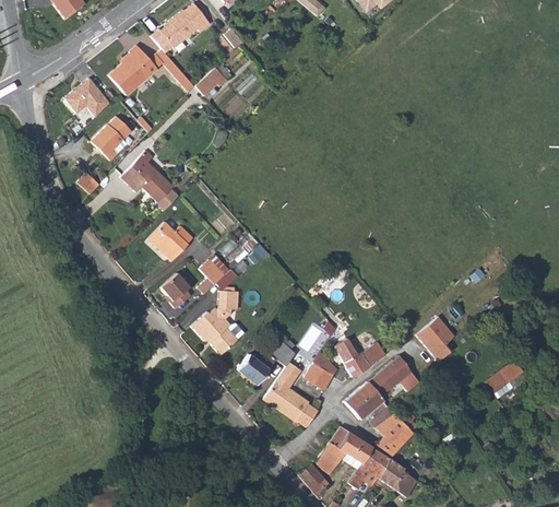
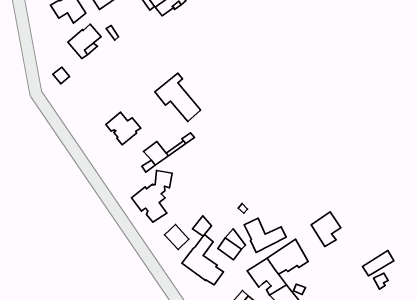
building: [120,151,179,210] -> [155,73,200,122]
building: [160,272,191,308] -> none

